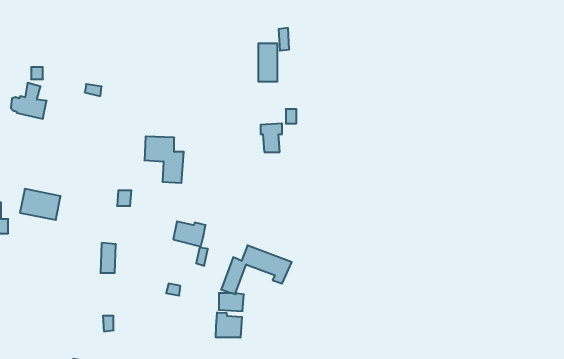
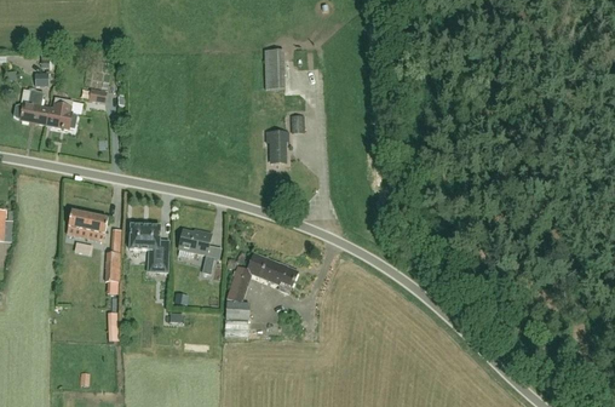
building: none -> [47,97,77,130]
building: [144,136,184,183] -> [130,224,169,271]
building: [20,189,61,220] -> [67,210,108,241]
building: [216,312,242,338] -> none

